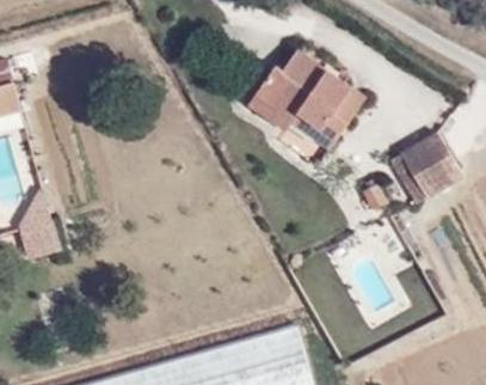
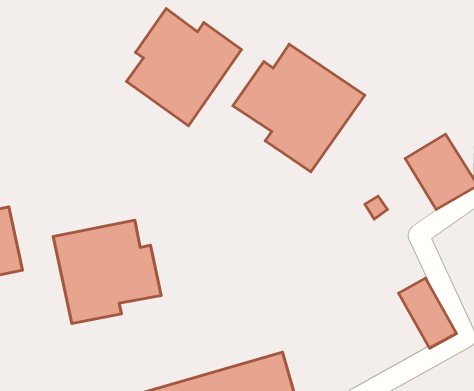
building: none -> [126,8,242,126]
building: none -> [53,220,161,324]

